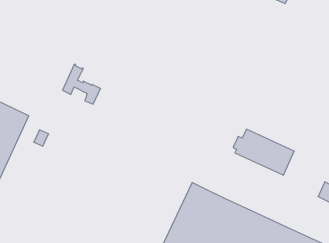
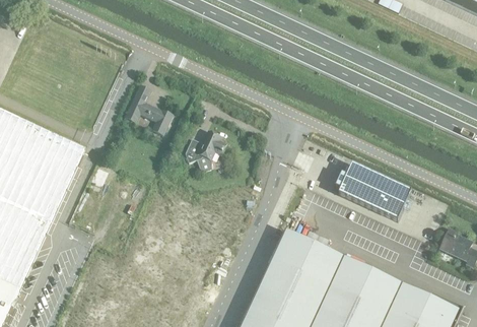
building: none -> [186,129,226,171]

